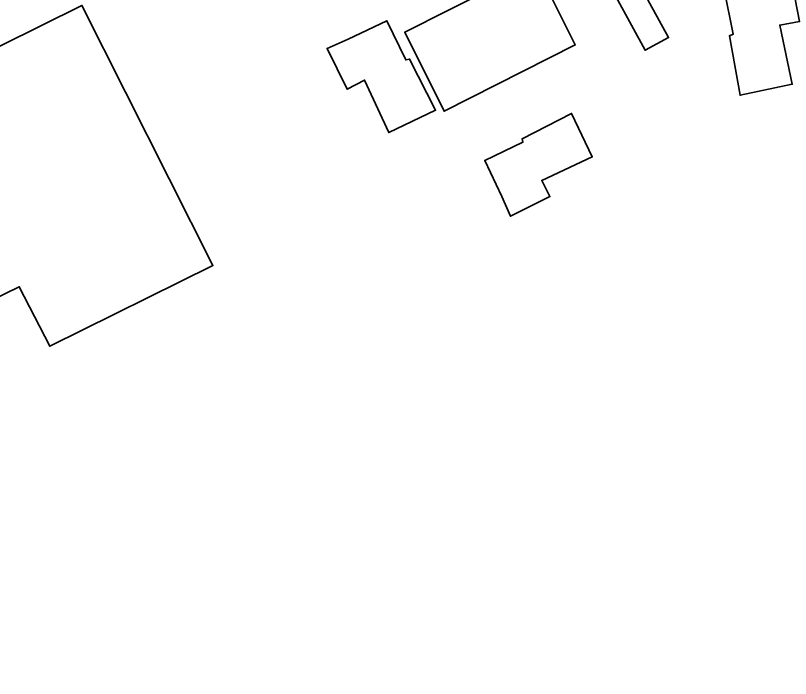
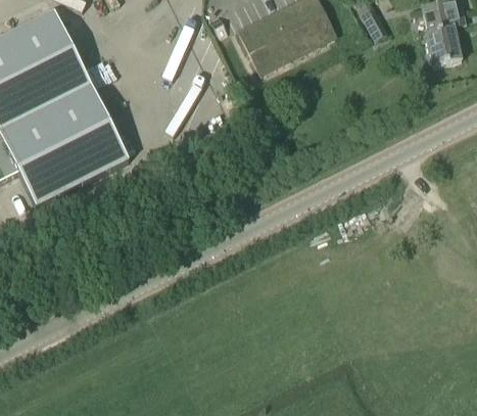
building: [327,21,435,132] -> none
building: [485,114,592,216] -> none

